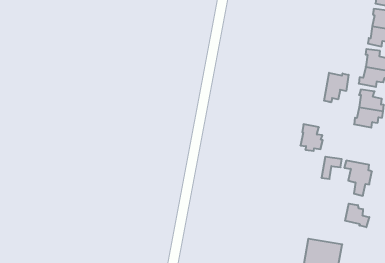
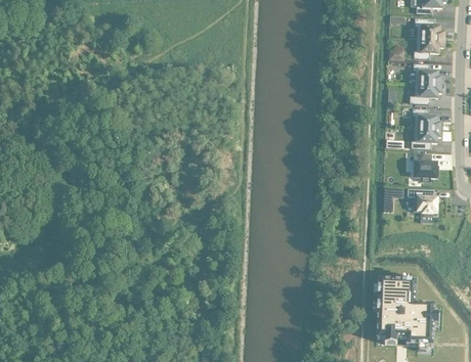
building: [324,73,349,102] -> none
building: [300,124,323,151] -> [414,152,437,180]
building: [345,204,369,227] -> none

